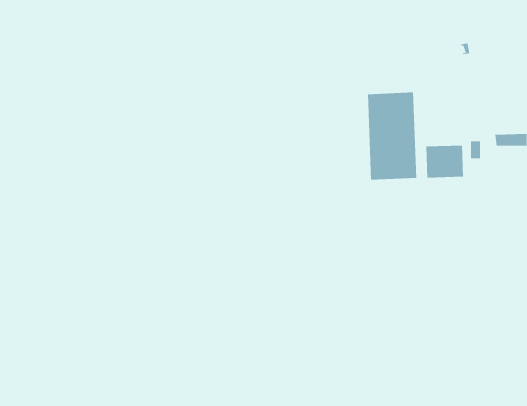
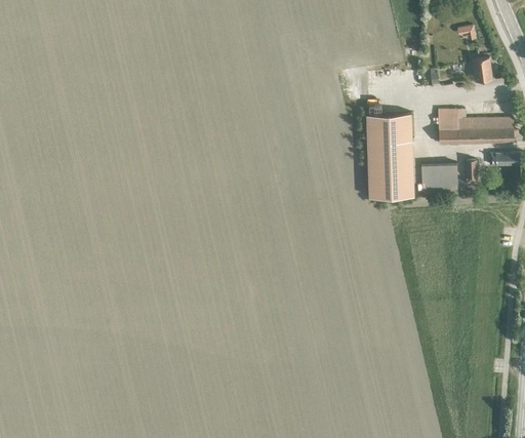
building: none -> [472,57,492,82]
building: none -> [438,110,514,144]

